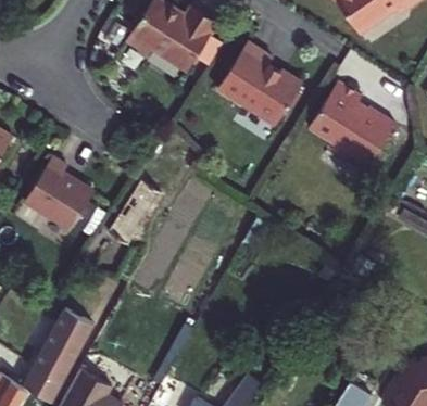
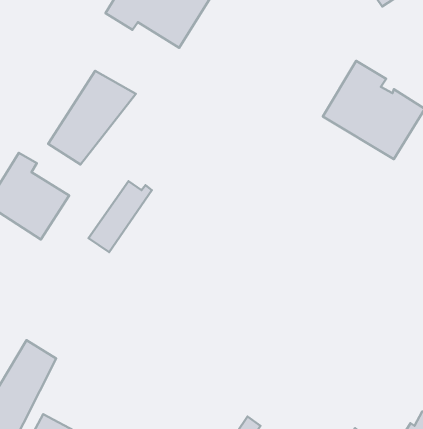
building: [221,39,305,123] -> none
building: none -> [48,71,136,165]

